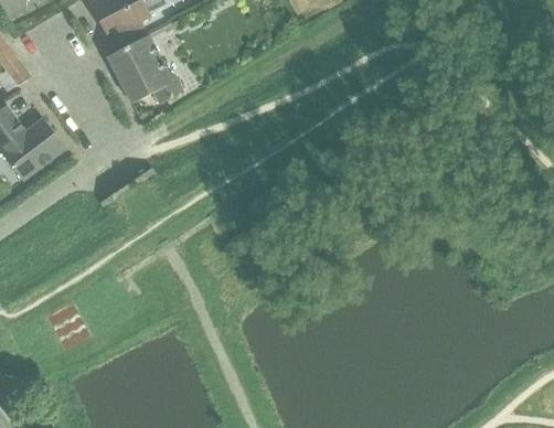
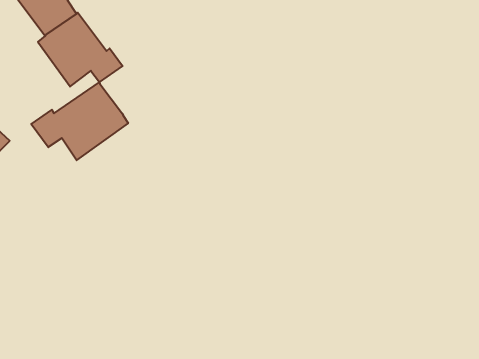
building: none -> [31,82,128,160]

